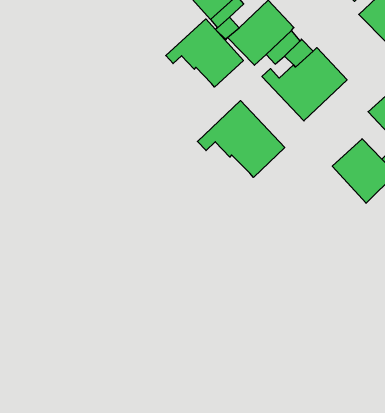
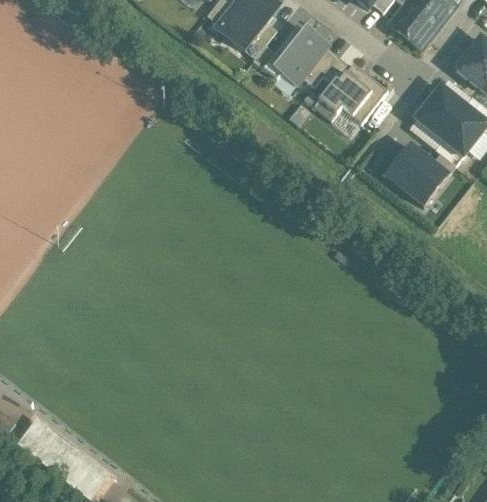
building: [166,19,243,87] -> none
building: [197,101,285,177] -> none

